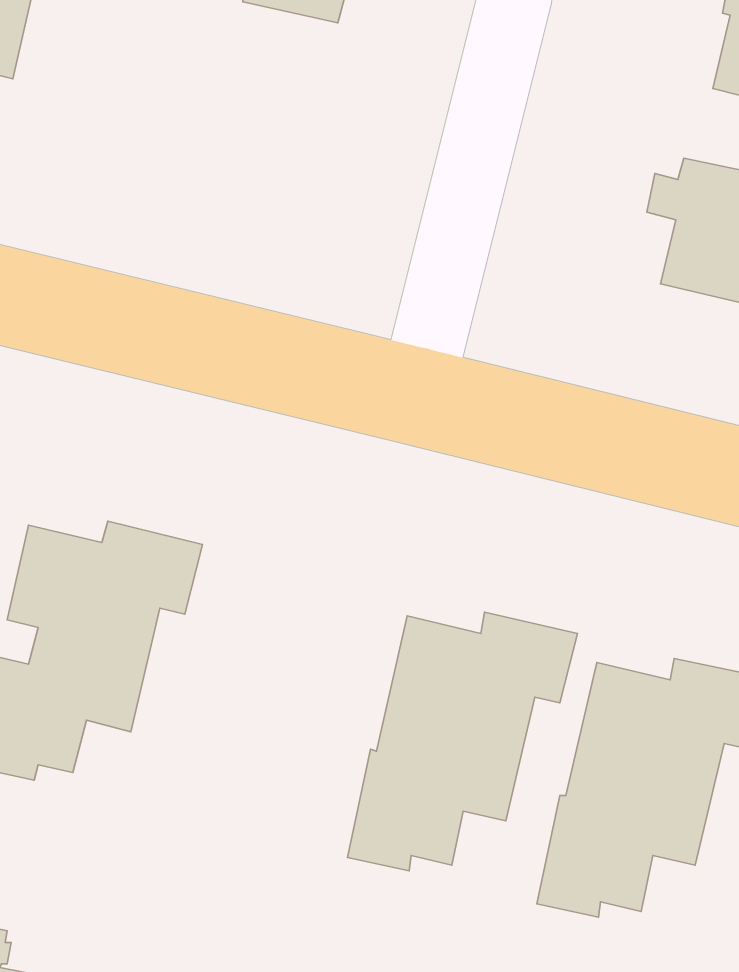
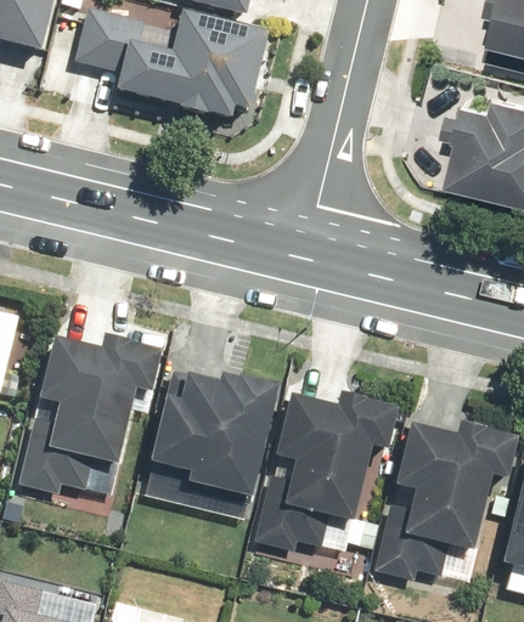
building: none -> [75,11,272,120]
building: none -> [152,368,280,494]

